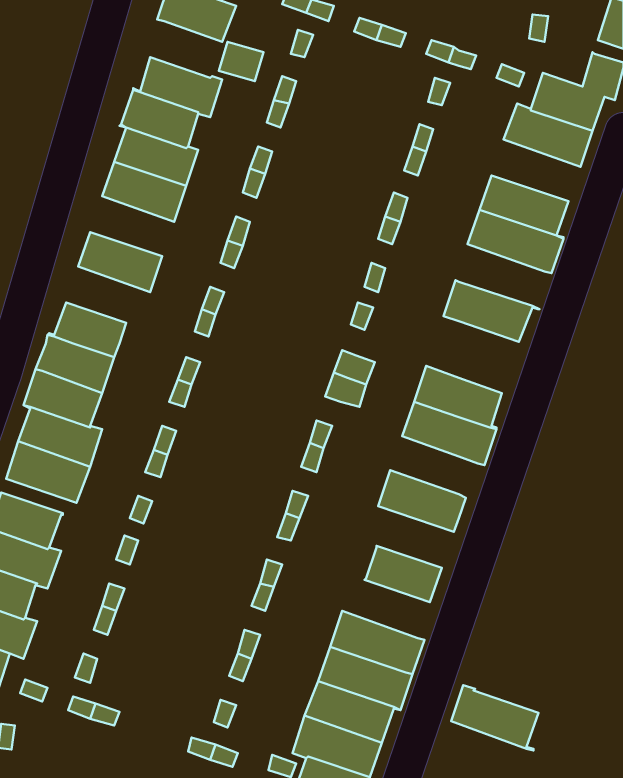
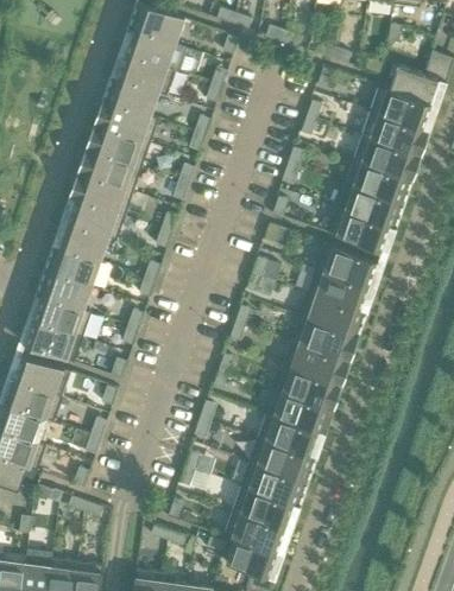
building: none -> [125,26,175,66]
building: none -> [361,109,423,152]
building: none -> [83,148,141,190]
building: none -> [336,182,403,227]
building: none -> [67,197,125,240]
building: none -> [316,241,378,285]
building: none -> [291,314,352,357]
building: none -> [273,363,335,406]
building: [451,685,539,750] -> [258,411,319,456]

